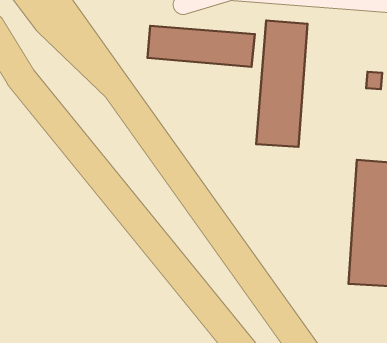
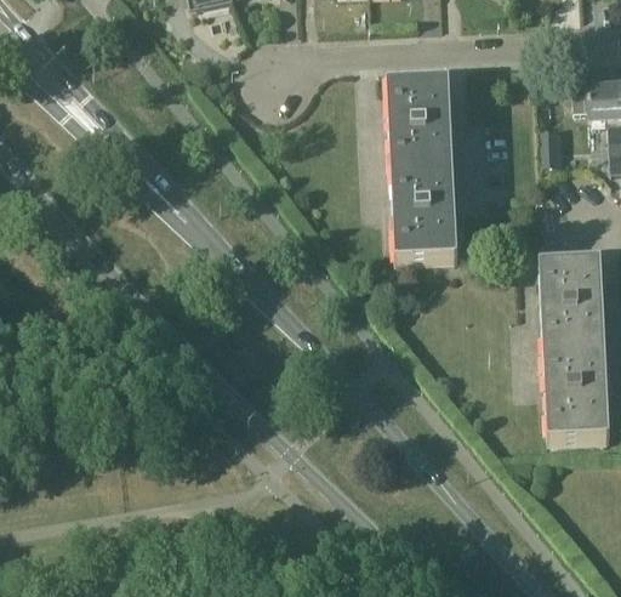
building: [148,26,255,67] -> none

